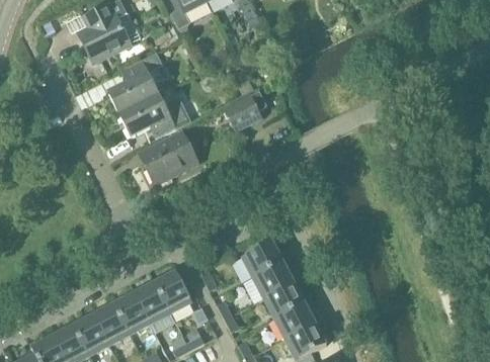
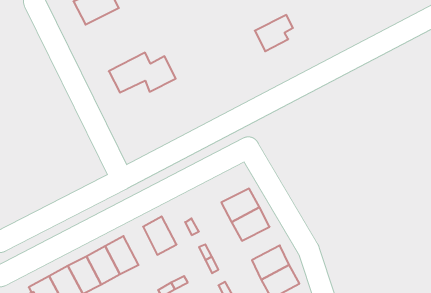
building: [107,52,162,112] -> none
building: [225,90,266,129] -> [255,15,293,51]
building: [142,131,191,183] -> none
building: [135,281,171,323] -> none
building: [263,281,305,318] -> none

